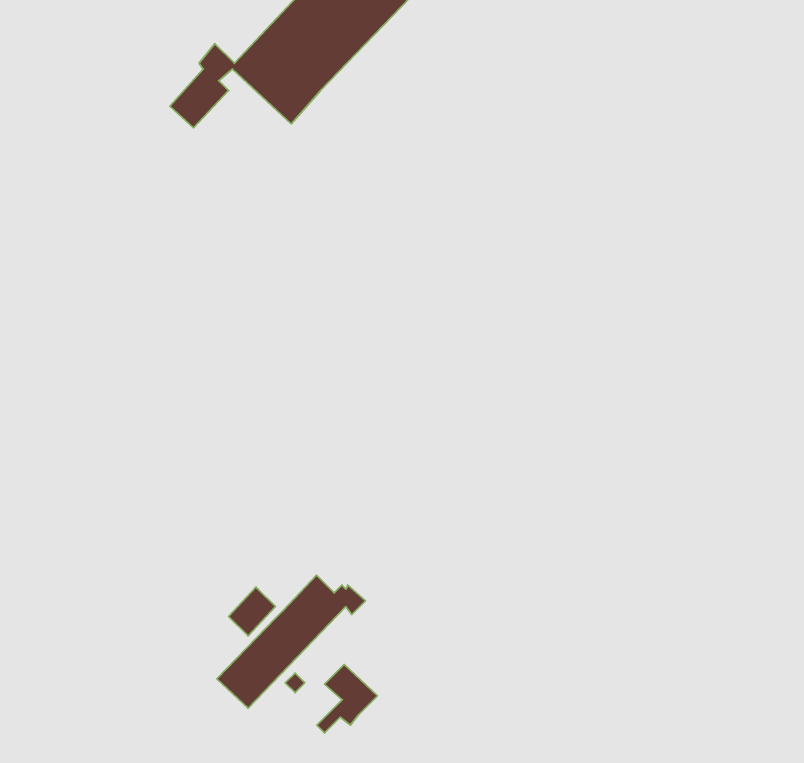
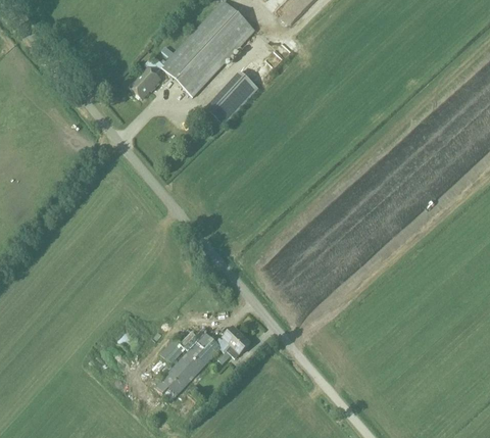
building: none -> [205,69,258,124]
building: [317,665,377,733] -> [218,326,250,361]

